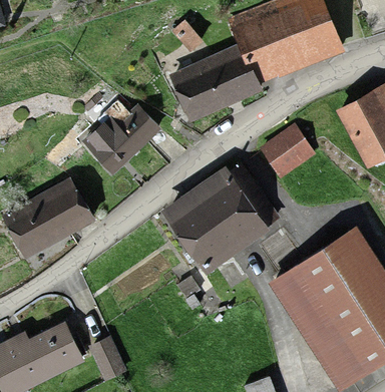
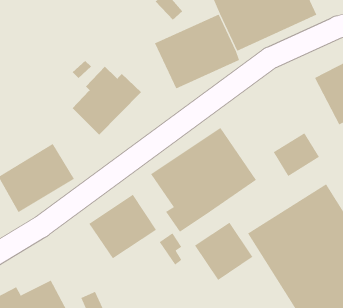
building: [259,127,309,174] -> [273,132,320,177]
building: none -> [89,194,157,259]
building: none -> [194,222,253,281]

